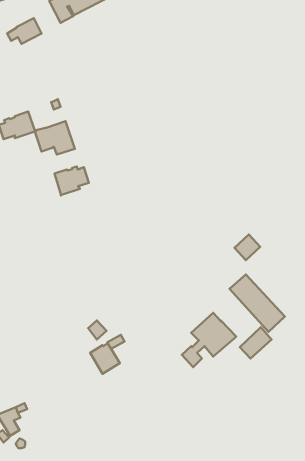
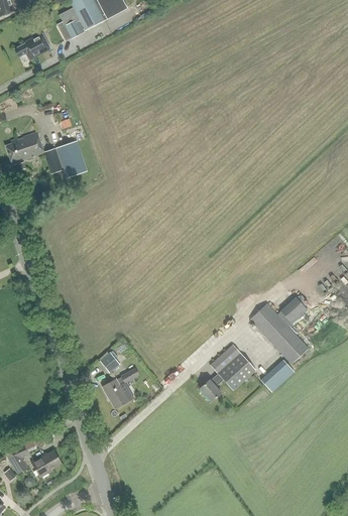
building: [54,167,89,195] -> none
building: [234,235,260,260] -> [279,296,307,324]
building: none -> [33,449,61,477]

